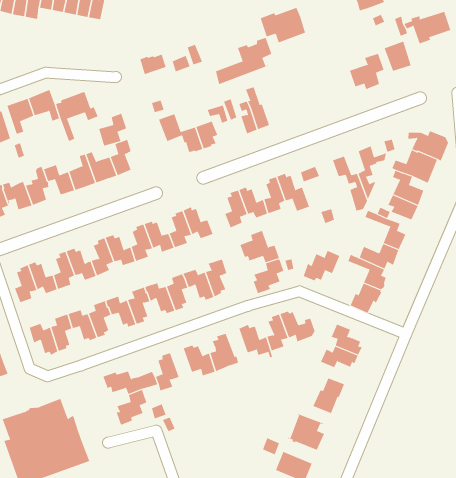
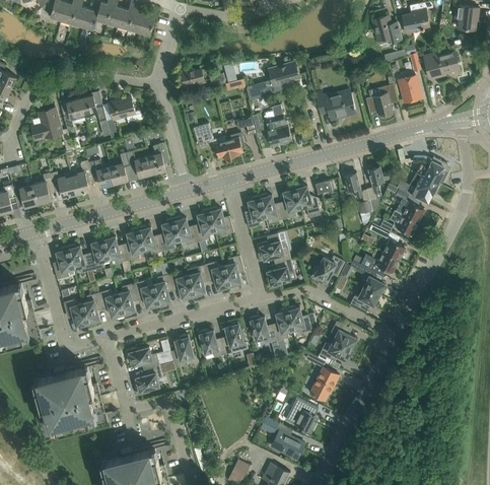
building: [260,7,306,43] -> [316,89,355,120]
building: [99,113,127,146] -> none

